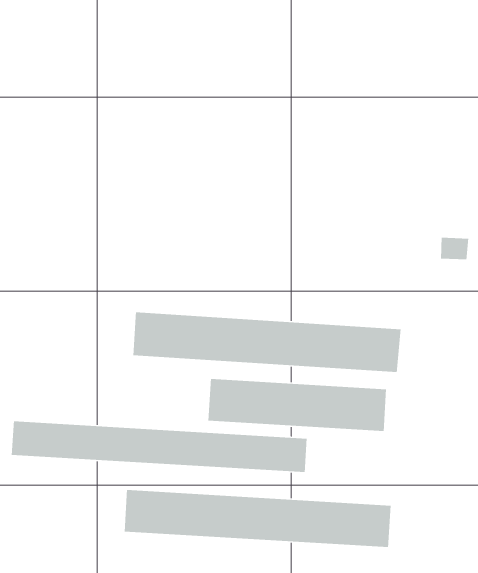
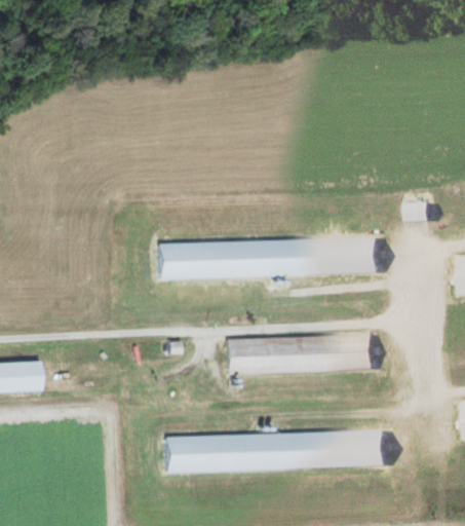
building: [133,312,402,373] -> [155,237,378,279]
building: [11,420,308,473] -> none

